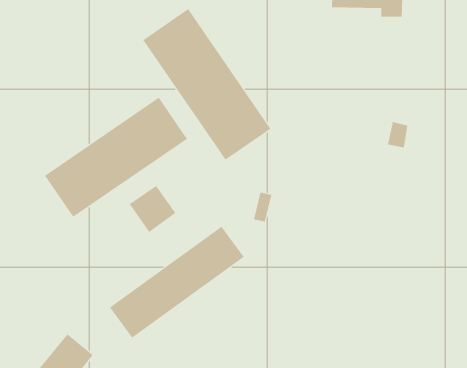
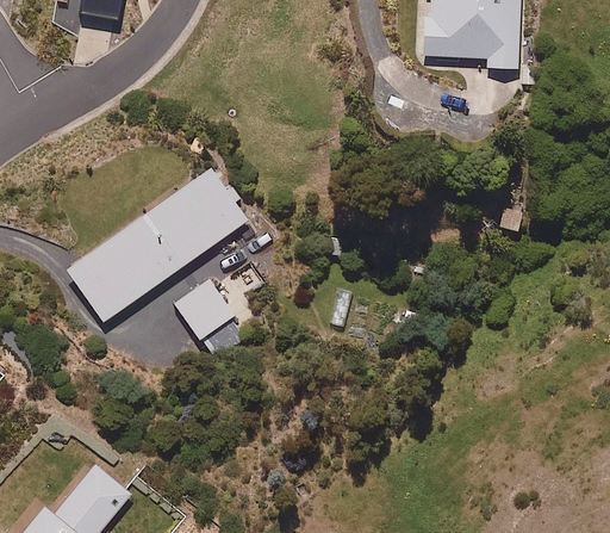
building: [142,8,271,161] -> none
building: [109,226,245,339] -> none

